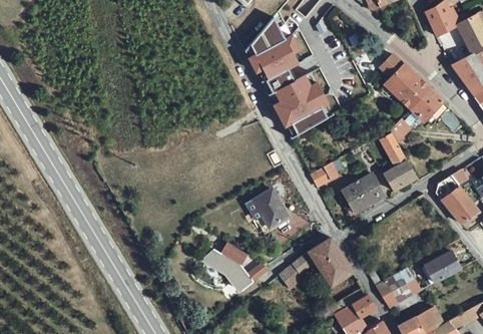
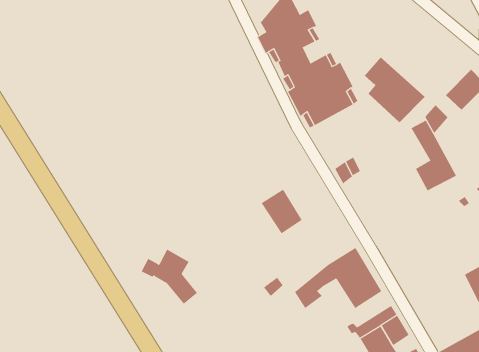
building: [376,52,428,108] -> [364,57,426,123]
building: [339,172,382,218] -> none
building: [208,242,257,289] -> [141,249,198,305]
building: [375,265,421,307] -> none

